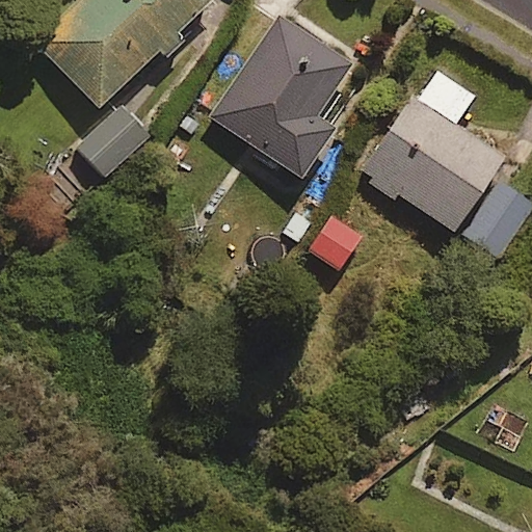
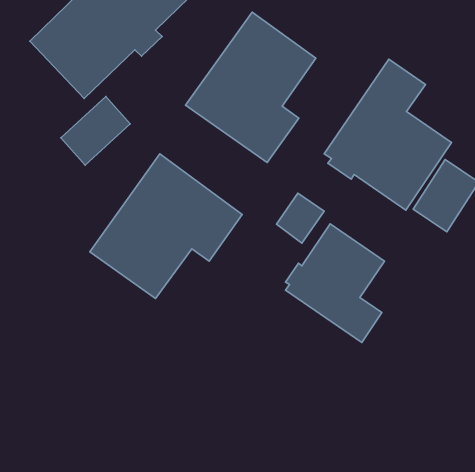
building: none -> [90,154,242,299]
building: none -> [285,224,385,342]

